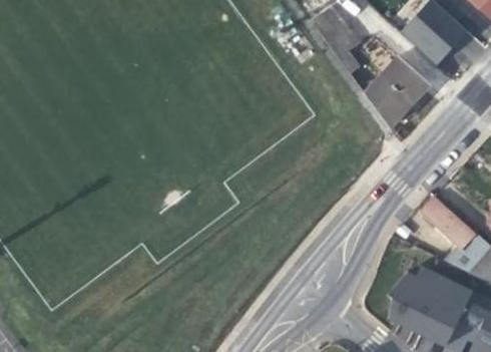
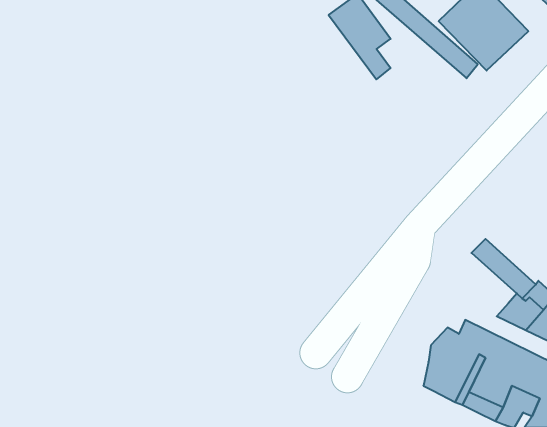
building: [361,59,428,125] -> none

